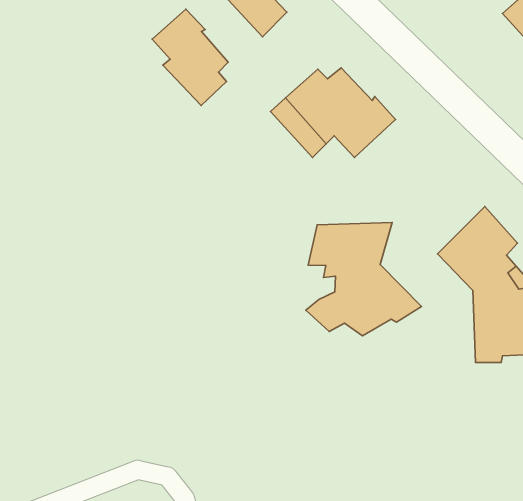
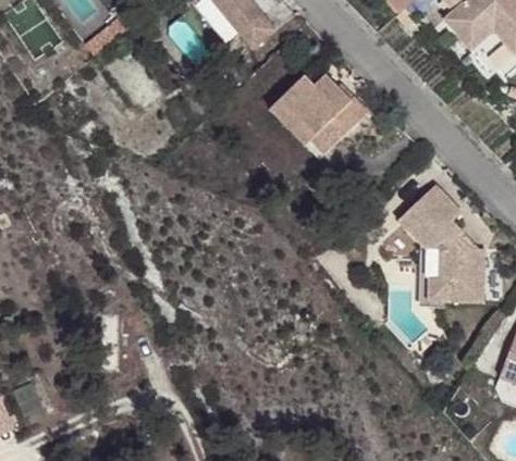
building: [152,9,228,106] -> none
building: [306,223,421,336] -> none

